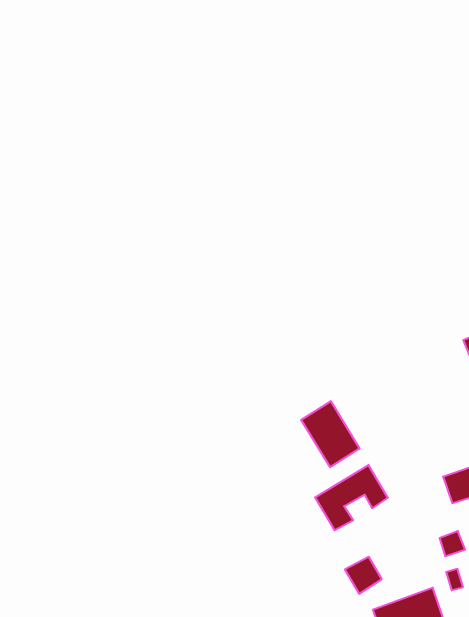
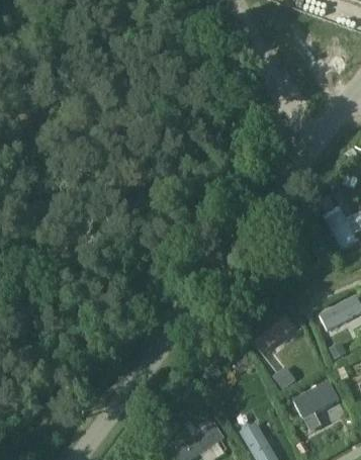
building: [301,401,360,467] -> none

